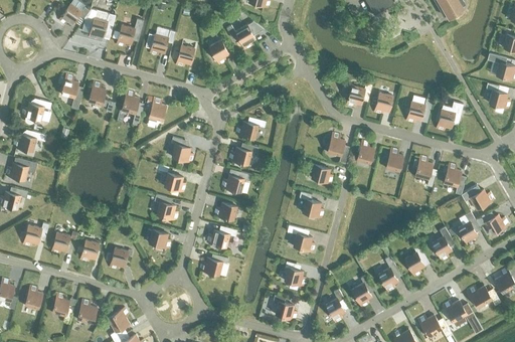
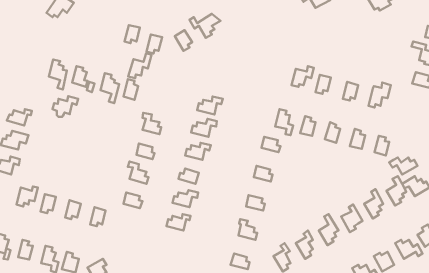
building: [88,10,113,39] -> none
building: [115,18,142,47] -> [128,53,151,78]
building: [20,100,50,124] -> [53,96,78,117]

